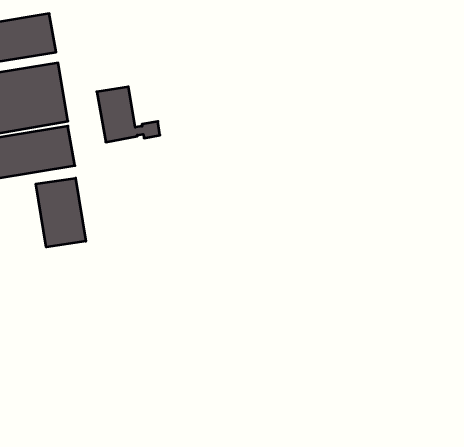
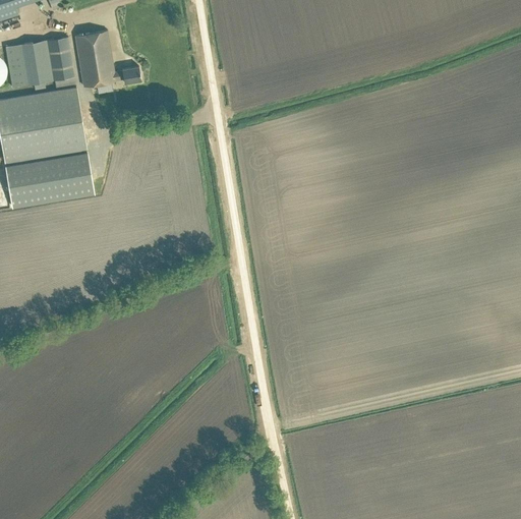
building: [97,87,160,142] -> [73,31,138,88]
building: [36,178,86,247] -> none

